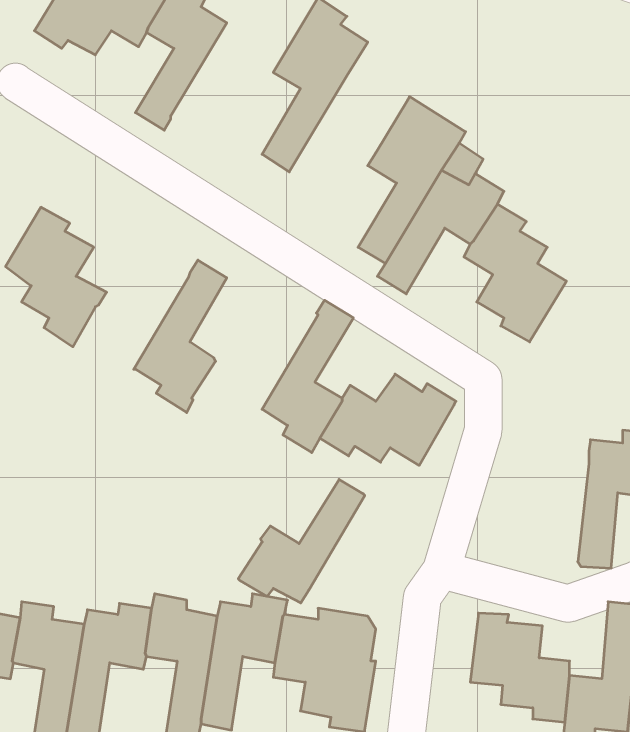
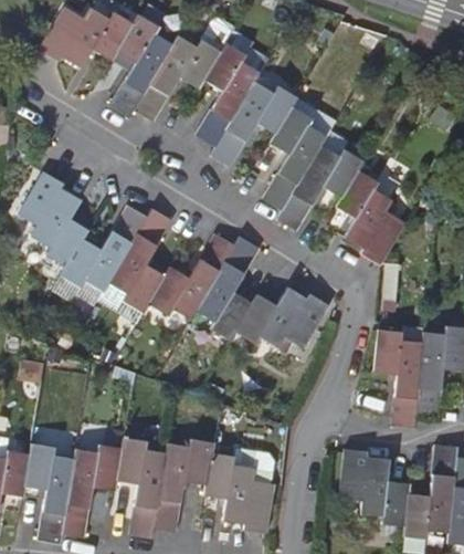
building: none -> [133,35,220,121]
building: none -> [210,81,296,166]
building: none -> [60,206,146,291]
building: none -> [373,330,421,429]
building: [238,479,365,603] -> [147,234,234,320]

